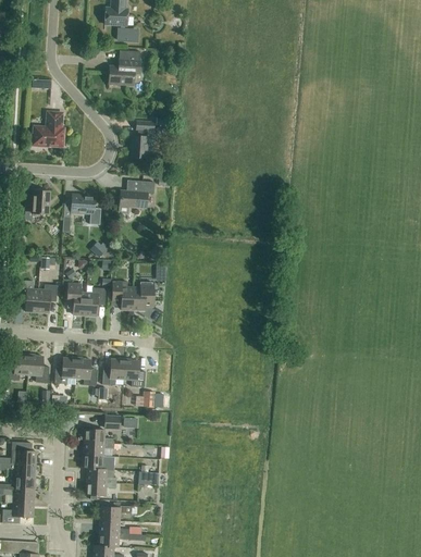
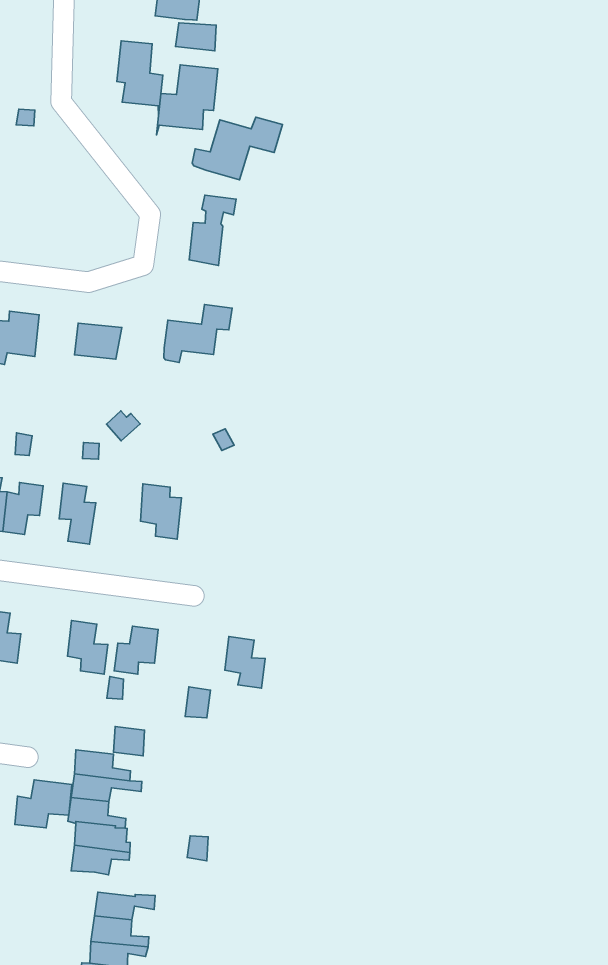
building: none -> [117,41,163,116]
building: none -> [192,117,282,180]
building: [33,112,64,146] -> none
building: [133,282,154,310] -> none
building: [85,287,107,315] -> none
building: [54,358,77,384] -> none
building: [124,360,146,387] -> [225,637,265,688]
building: none -> [15,780,72,828]

